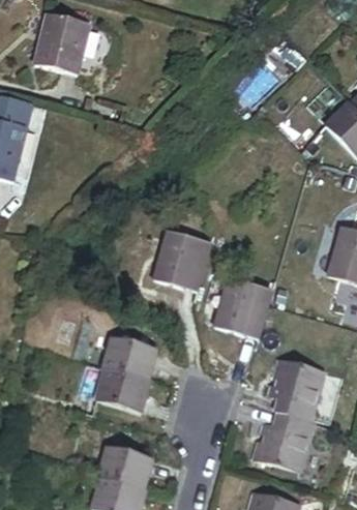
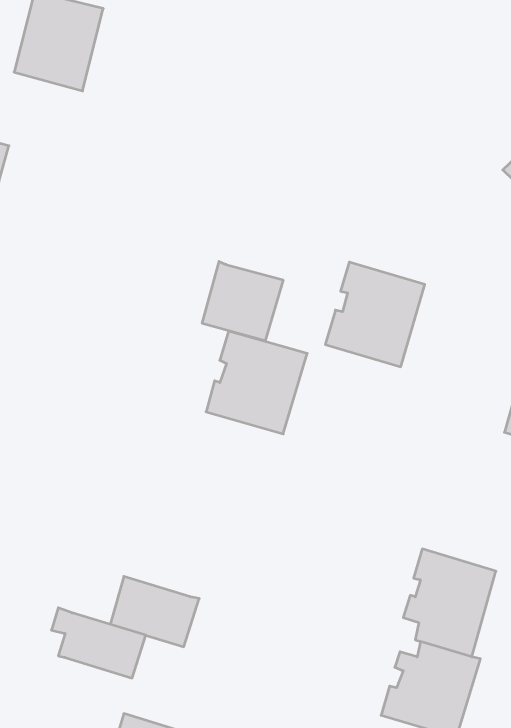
building: none -> [202,261,283,341]
building: [209,277,269,340] -> [325,262,425,367]
building: [93,340,150,383] -> [51,608,146,678]

